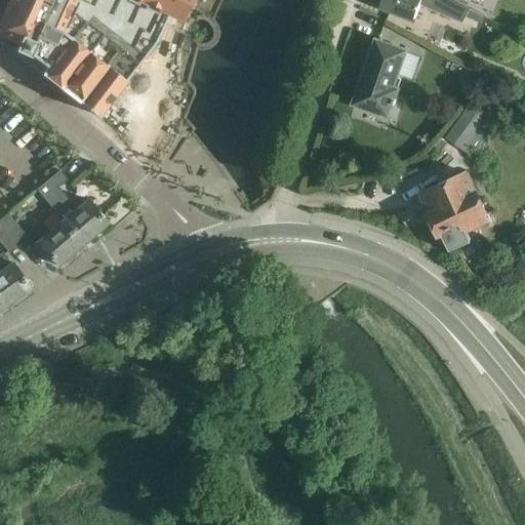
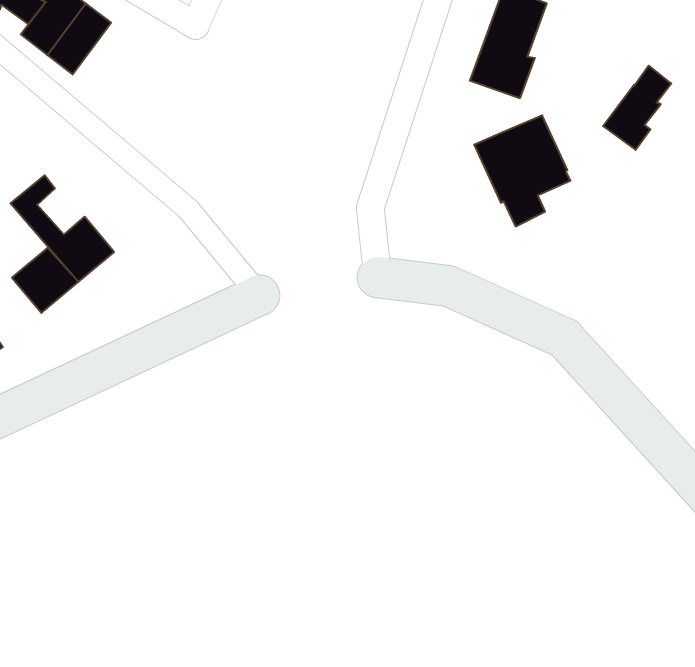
building: [78,64,126,116] -> none
building: [420,173,487,250] -> [474,115,570,226]

